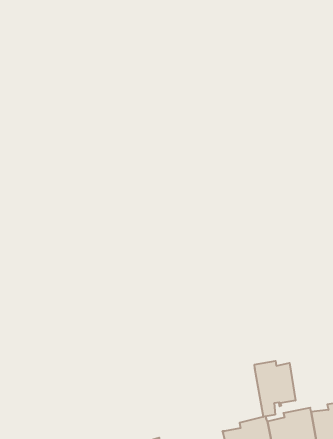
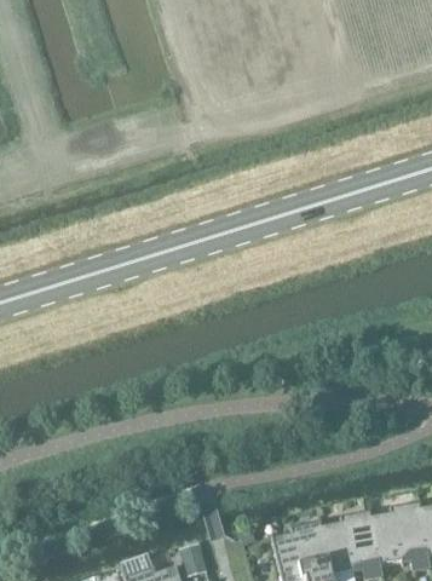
building: [255,361,295,417] -> none

